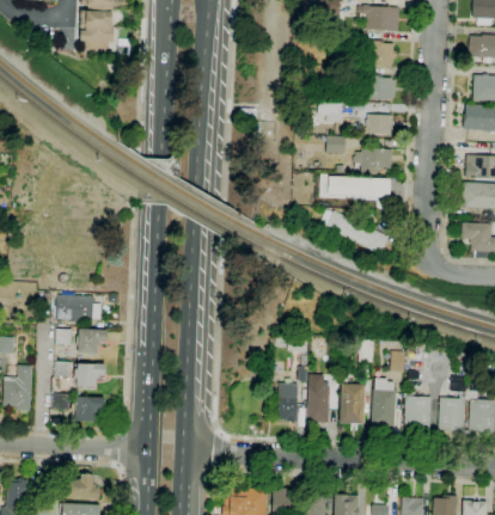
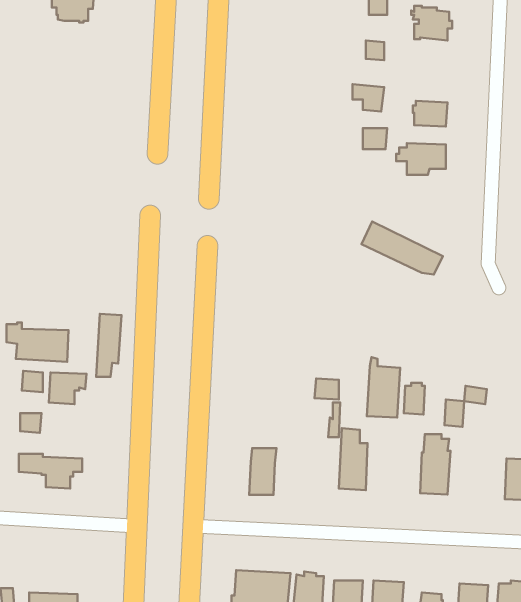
building: [365,75,397,100] -> none
building: [329,176,391,198] -> none
building: none -> [96,314,122,377]
building: [74,363,106,387] -> none
building: [340,376,366,424] -> [367,357,400,418]
building: [277,384,299,421] -> [249,448,276,495]
building: [404,397,432,430] -> none
building: [65,474,100,499] -> none

